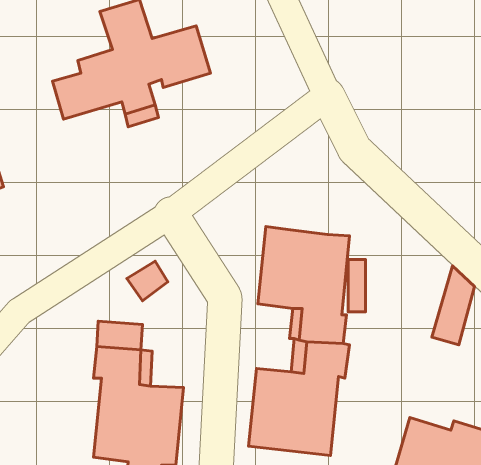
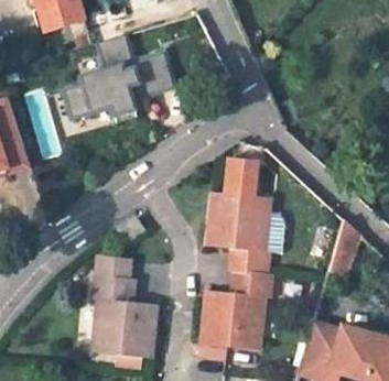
building: none -> [228,159,260,197]

